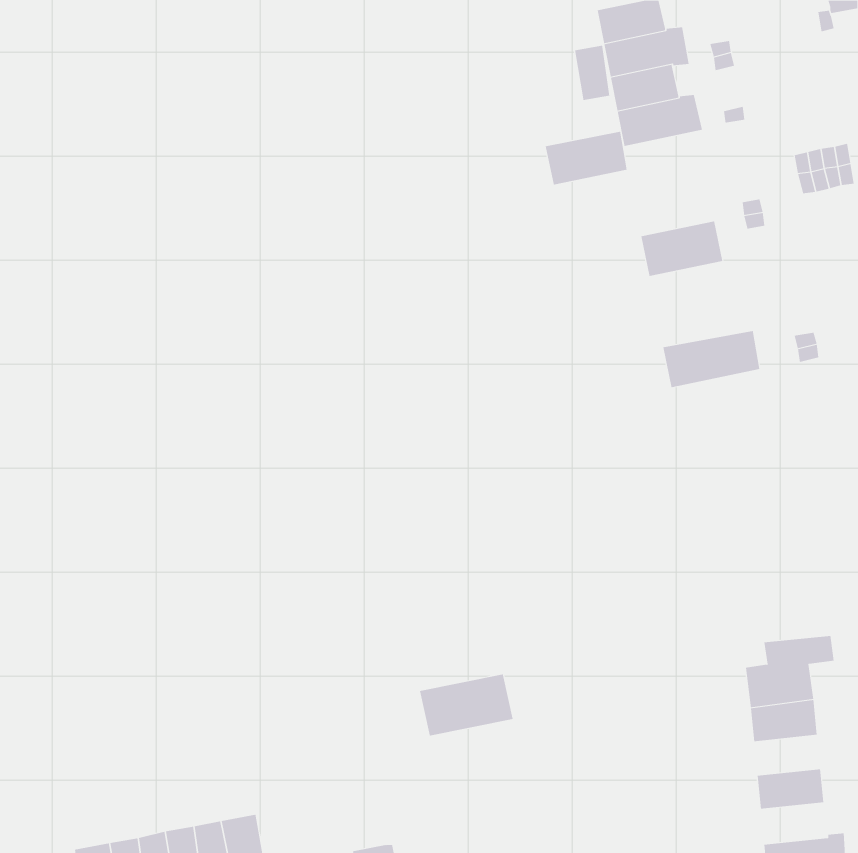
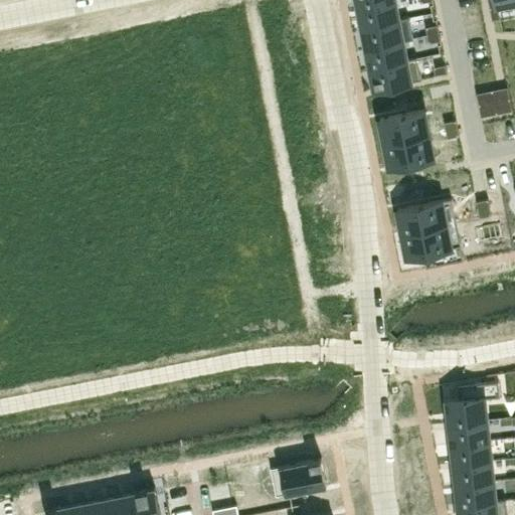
building: [575,45,610,101] -> none
building: [545,131,627,185] -> [377,114,426,146]
building: none -> [400,225,462,268]
building: [419,674,514,736] -> [269,462,325,499]
building: none -> [450,444,490,468]
building: none -> [454,484,494,509]

